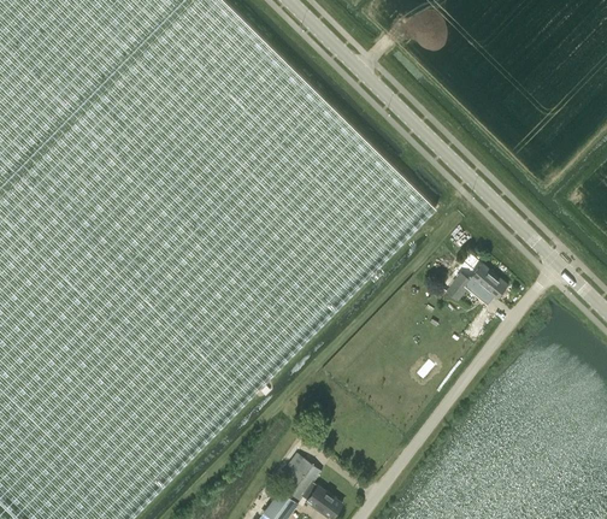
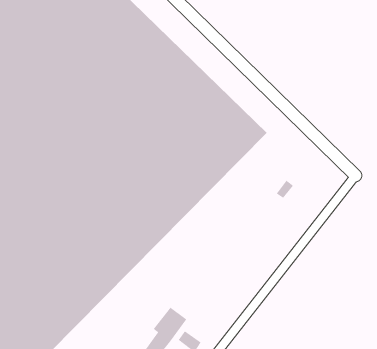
building: [462,255,508,301] -> none

